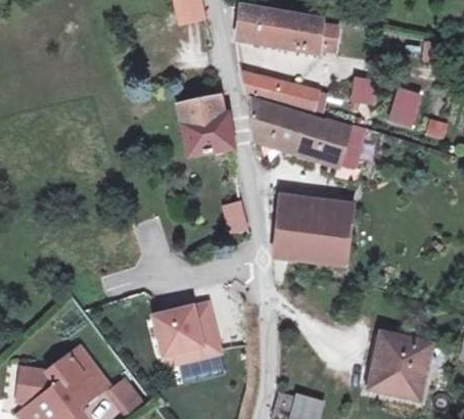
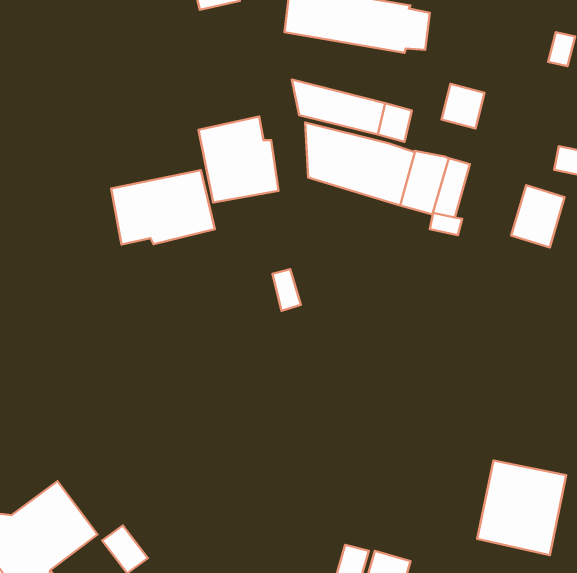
building: [385,84,422,127] -> [511,185,565,247]
building: none -> [111,170,215,244]
building: [275,204,352,278] -> none
building: [152,301,219,362] -> none

